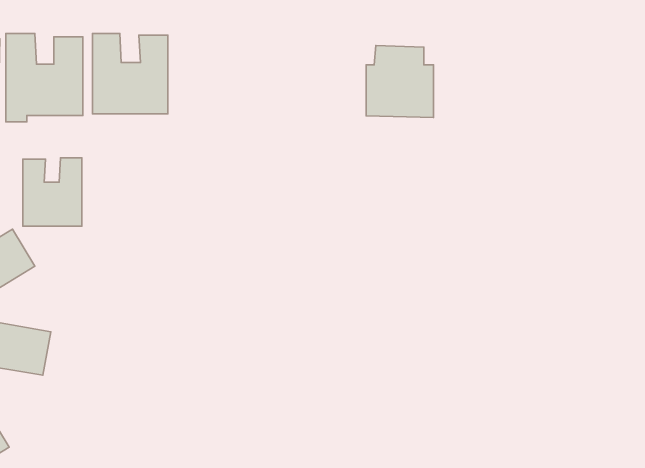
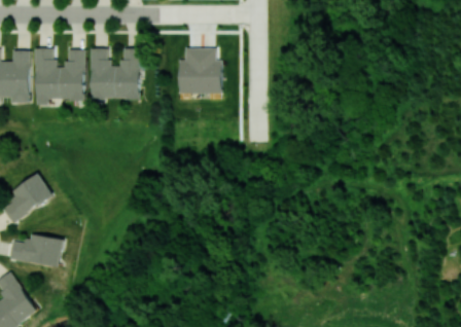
building: [366,45,433,118] -> [178,47,221,94]
building: [23,158,82,226] -> none

